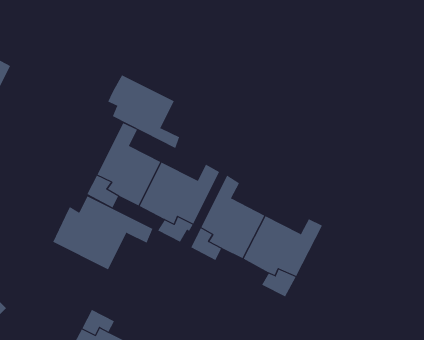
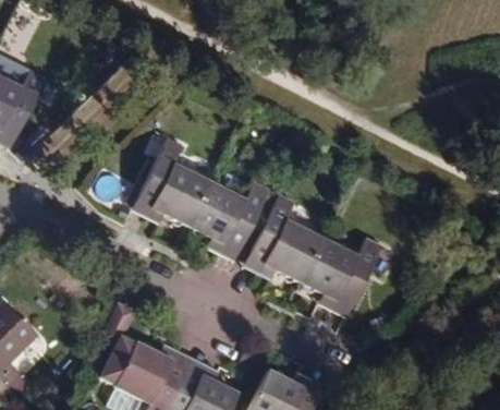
building: [108,75,180,149] -> none
building: [52,196,153,270] -> none

